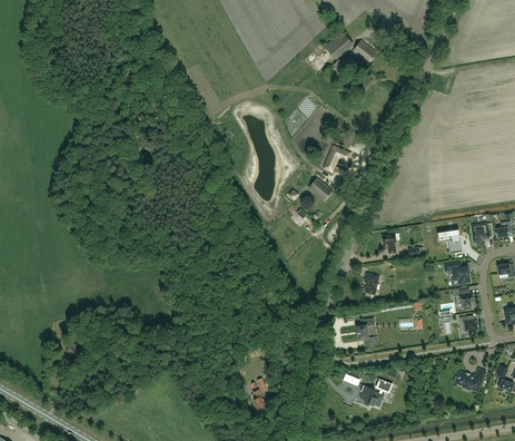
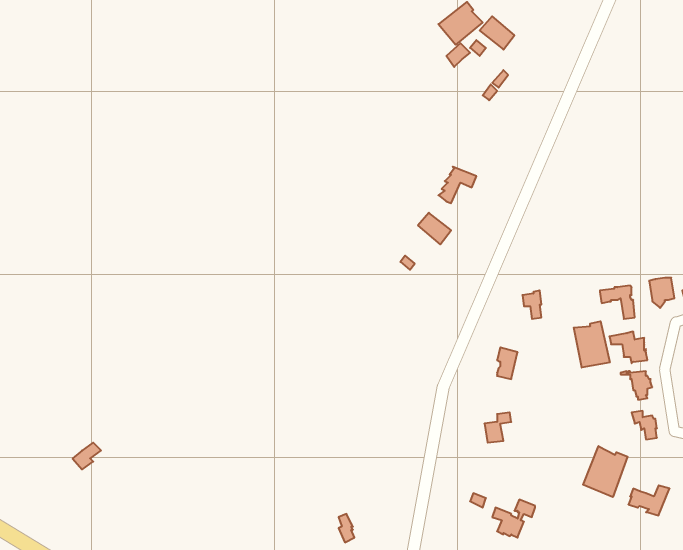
building: none -> [574,321,610,368]
building: none -> [583,446,628,497]

